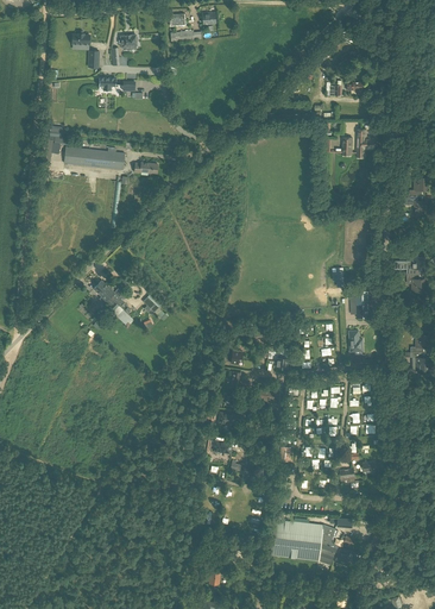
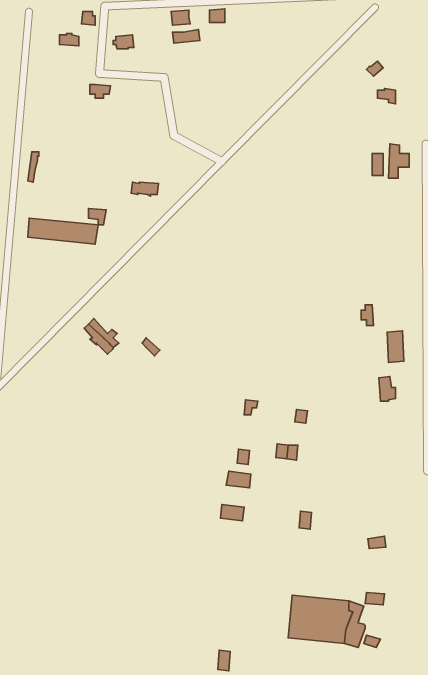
building: [64,146,125,169] -> [28,218,98,244]

